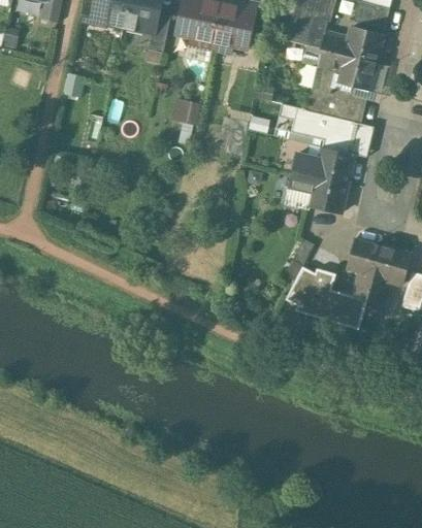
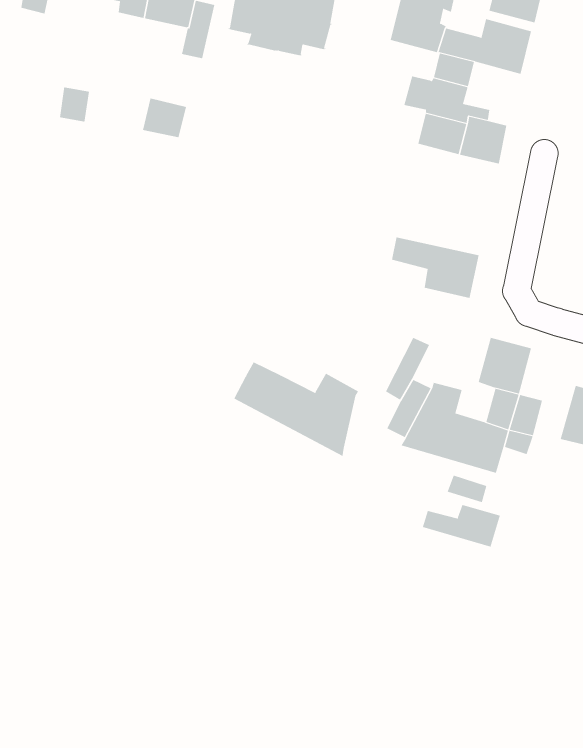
building: [336,55,375,90] -> none
building: [172,96,202,123] -> [142,98,187,138]
building: [289,106,360,145] -> none
building: [291,147,353,184] -> none
building: [374,245,410,285] -> none
building: none -> [234,362,359,457]
building: none -> [422,504,500,547]

